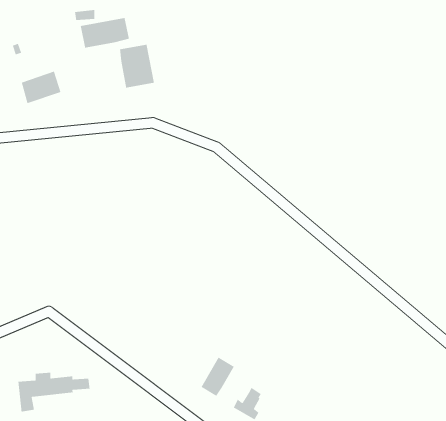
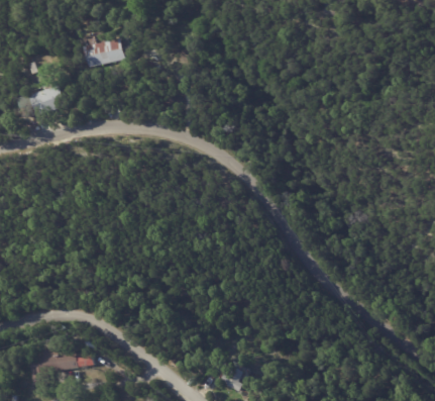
building: [119,44,155,88] -> none
building: [201,356,235,397] -> none

